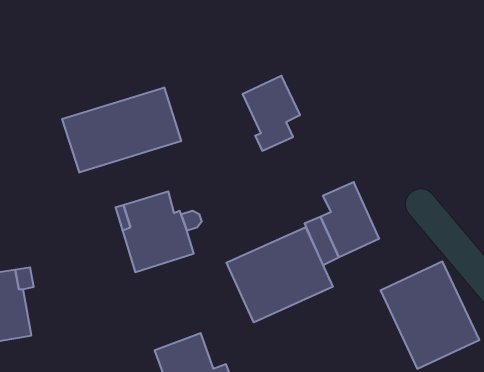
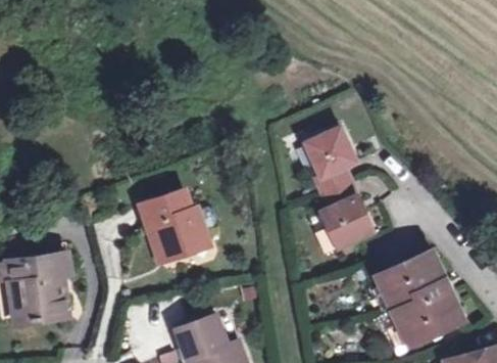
building: [242,76,300,151] -> [306,126,357,192]
building: [62,87,181,173] -> none
building: [226,227,333,322] -> none

